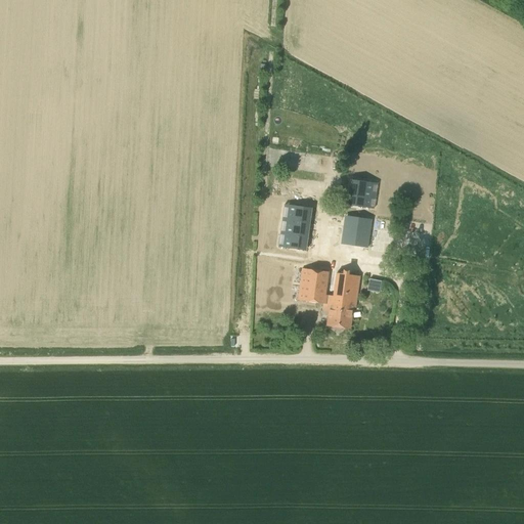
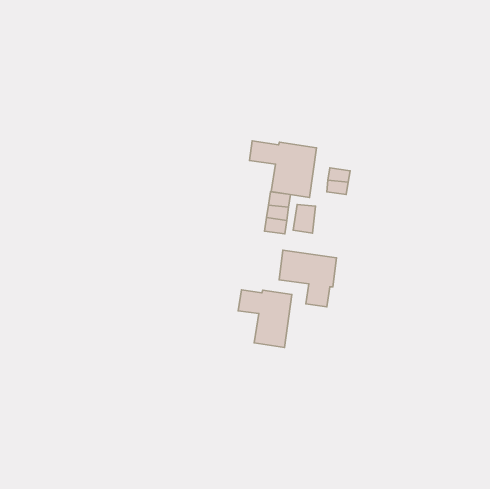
building: none -> [249,141,317,198]
building: [347,216,370,247] -> [293,204,315,233]
building: none -> [238,290,292,348]

